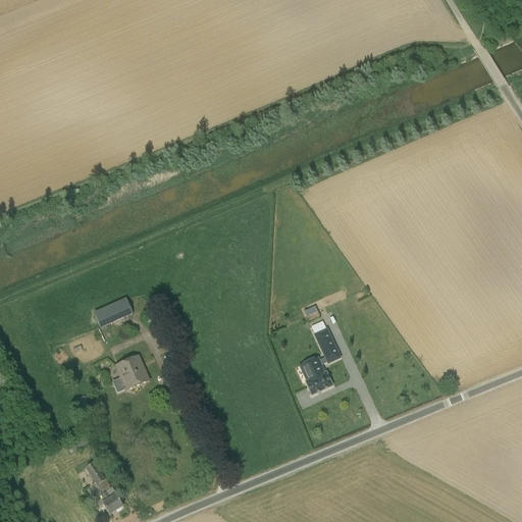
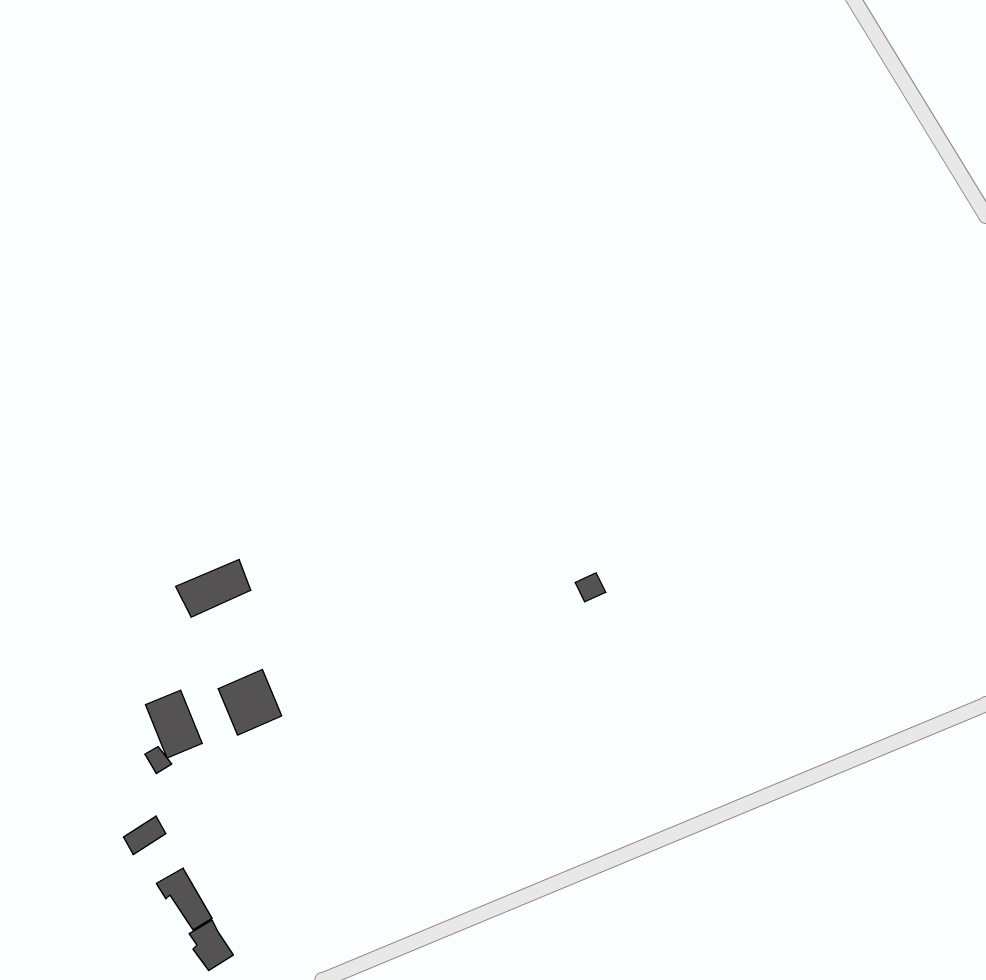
building: [300,328,340,394] -> none
building: none -> [146,690,202,758]

